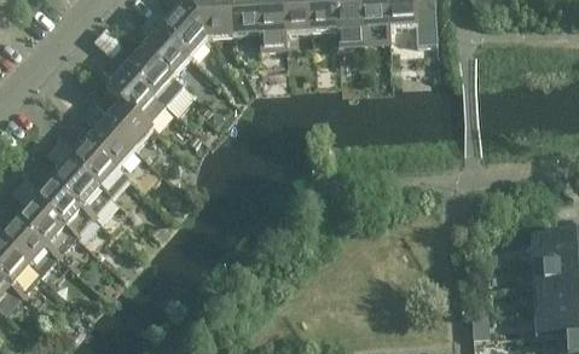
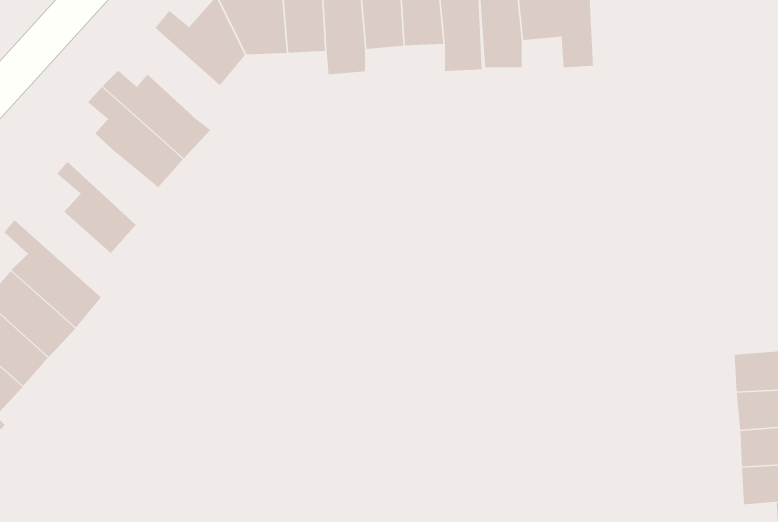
building: [137,19,190,77] -> none
building: [88,99,152,150] -> none
building: [53,139,128,198] -> none

